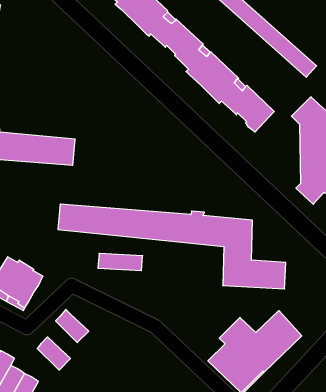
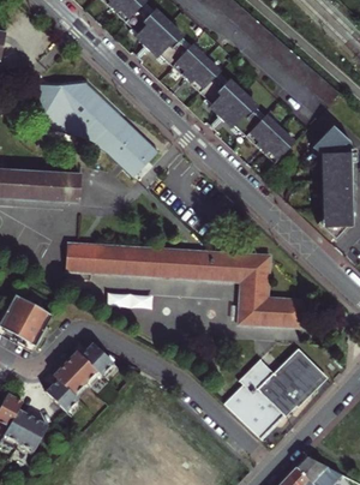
building: none -> [40,83,157,178]
building: none -> [80,343,115,378]
building: none -> [53,363,88,397]

